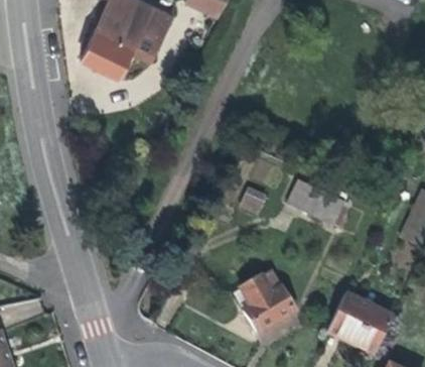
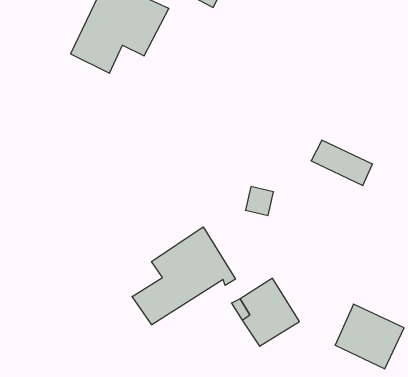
building: [289,180,346,223] -> [311,140,373,186]
building: none -> [132,227,236,325]

